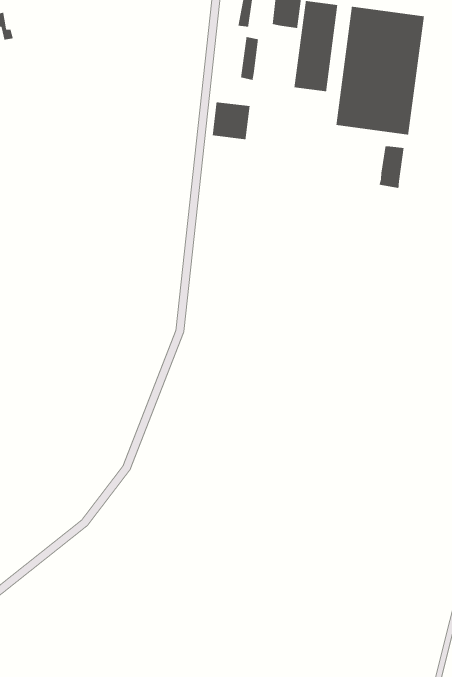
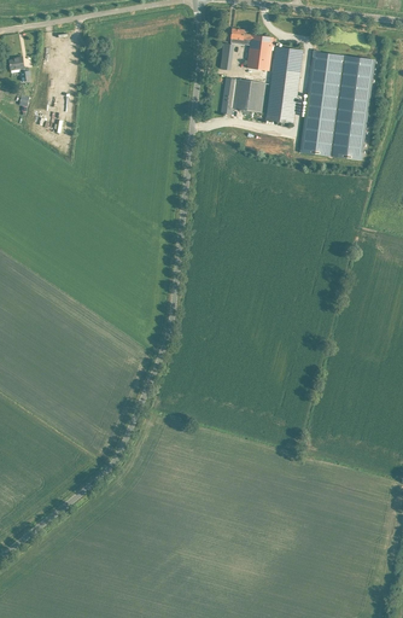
building: [212,101,251,140] -> [233,80,265,112]
building: [379,146,405,189] -> none

